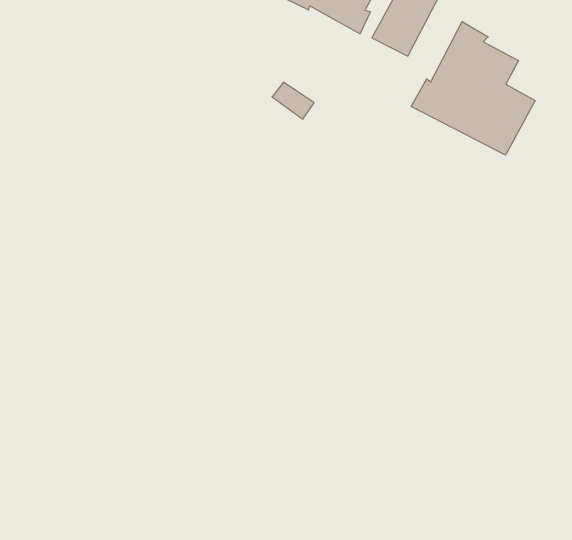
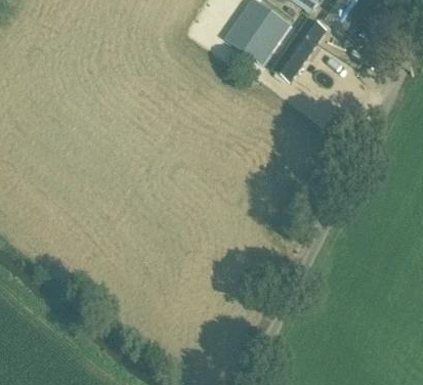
building: [411,21,535,155] -> none

